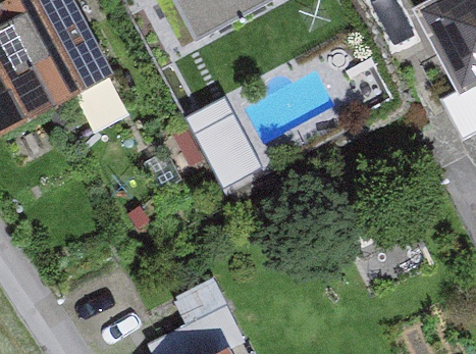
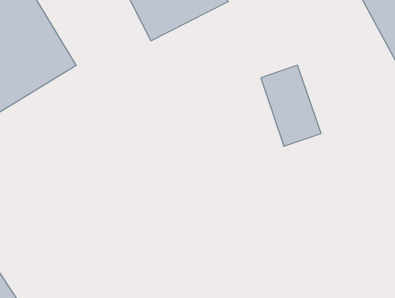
building: [190,96,257,187] -> [261,65,321,146]

